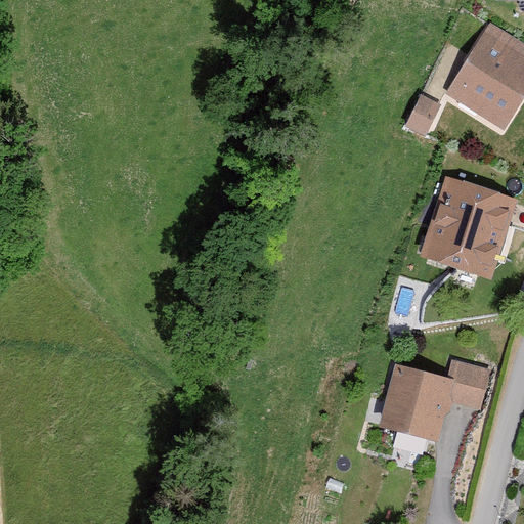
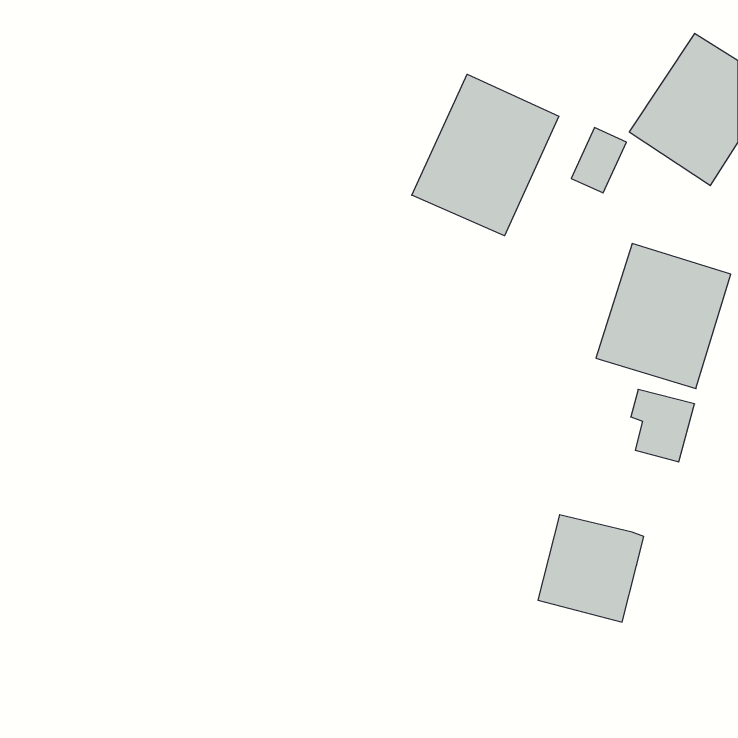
building: none -> [412,74,559,236]
building: [446,358,491,409] -> [631,389,695,462]

